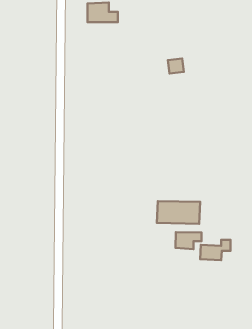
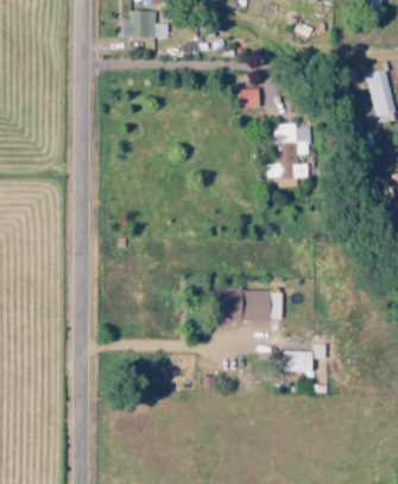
building: none -> [266,127,309,187]
building: [176,232,202,249] -> none

